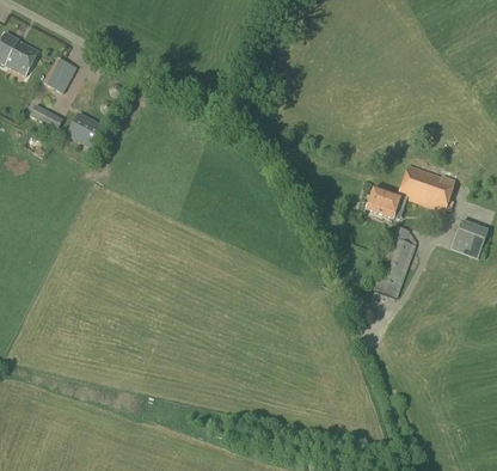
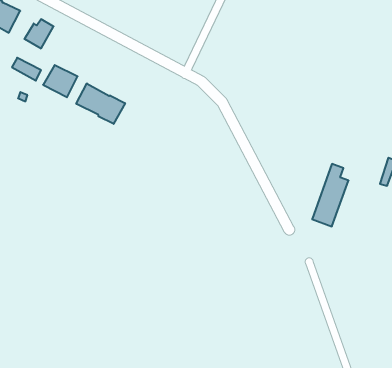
building: none -> [76,83,125,124]
building: [367,164,456,216] -> none

